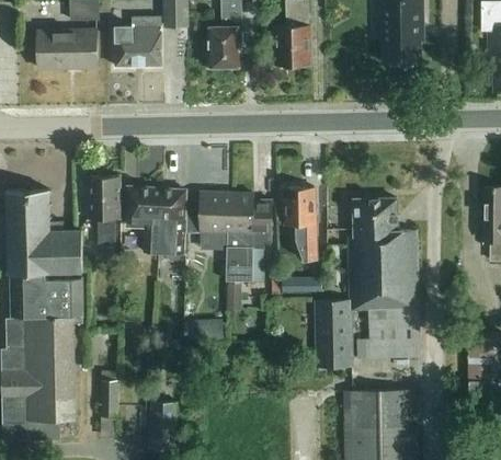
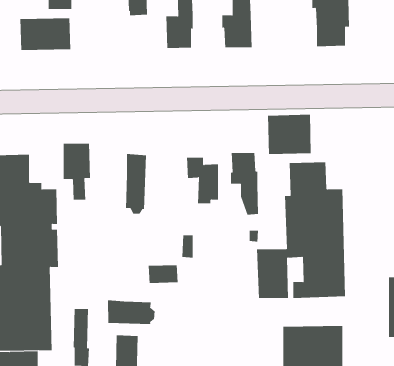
building: [115,18,162,67] -> none
building: none -> [268,114,311,155]
building: [125,186,162,253] -> none
building: [200,192,262,281] -> none
building: none -> [108,300,155,325]

